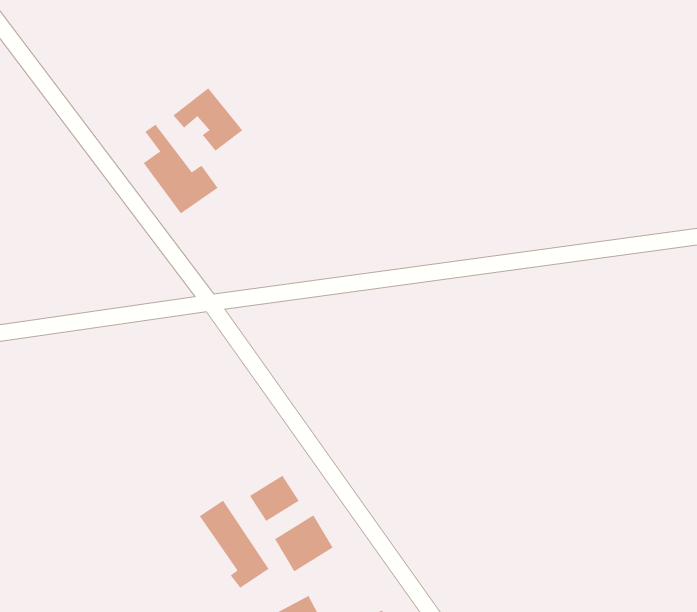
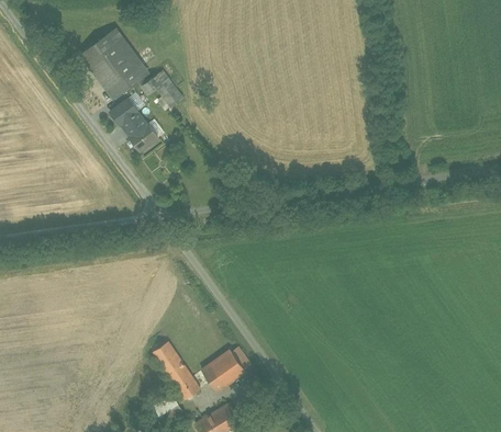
building: none -> [80,29,148,99]
building: [249,475,299,522] -> none

